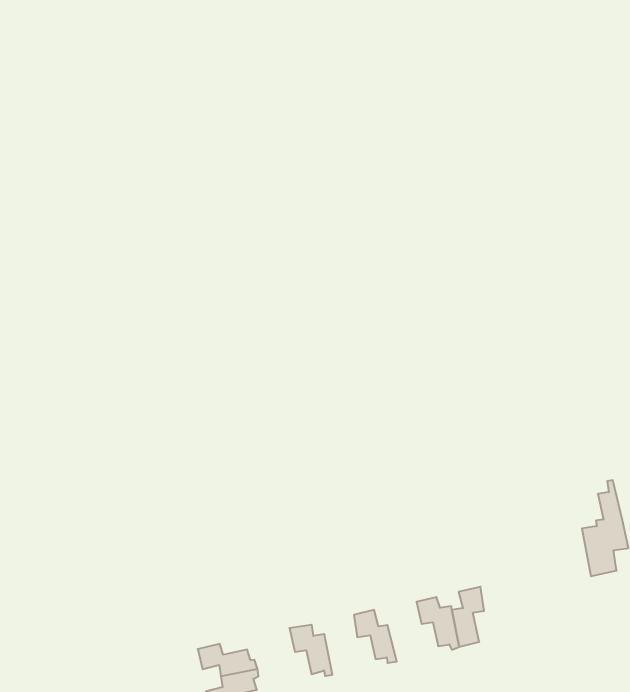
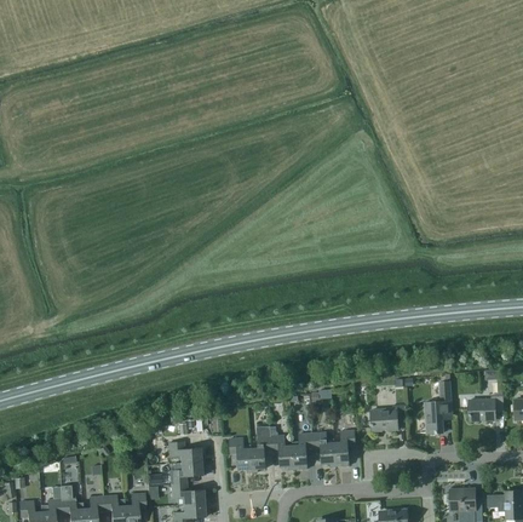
building: none -> [369,405,404,431]
building: none -> [249,426,270,472]
building: none -> [291,434,312,470]

